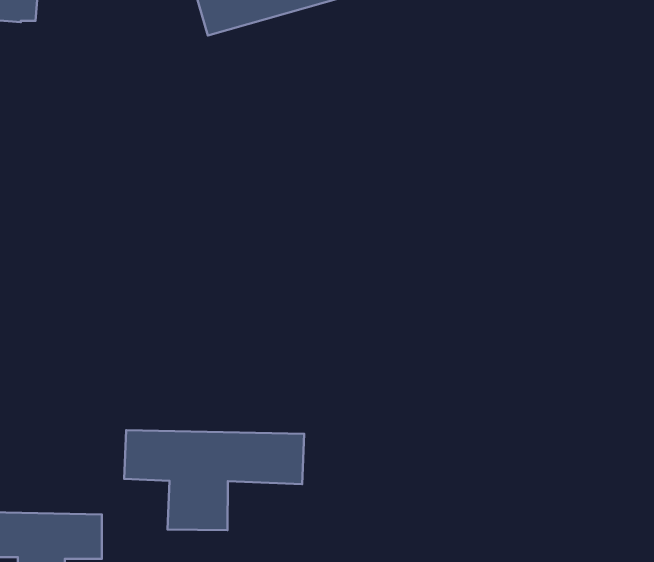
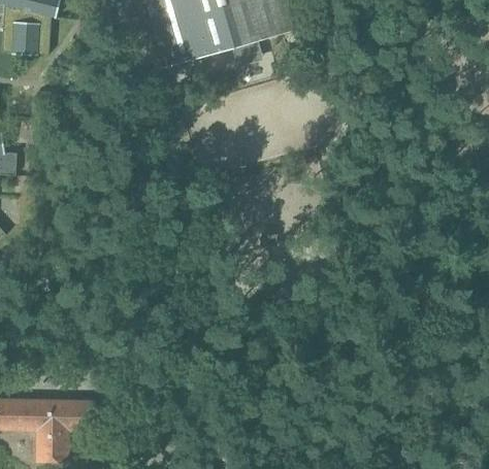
building: [124,430,304,530] -> none

